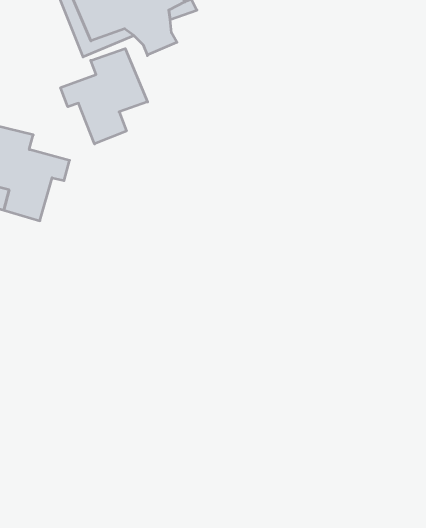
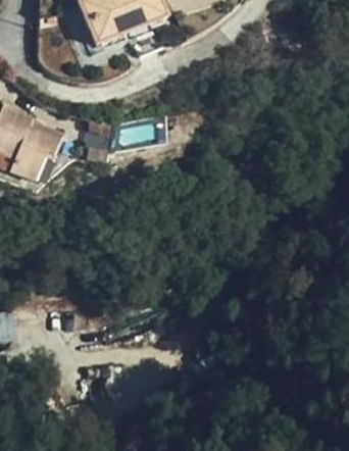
building: [61,49,148,144] -> none

